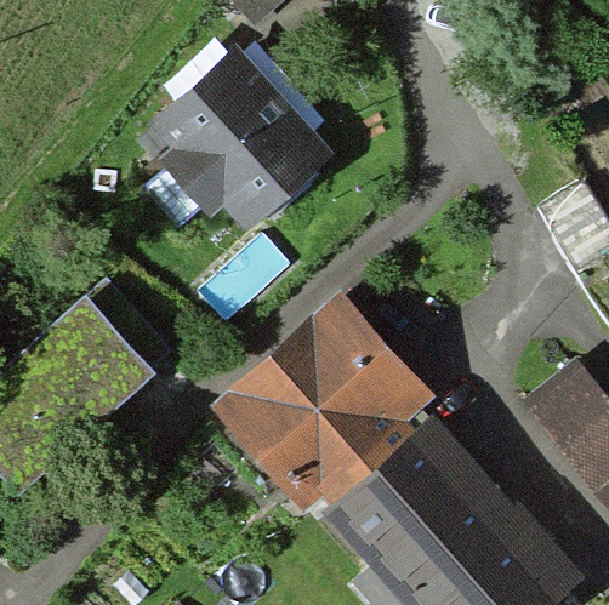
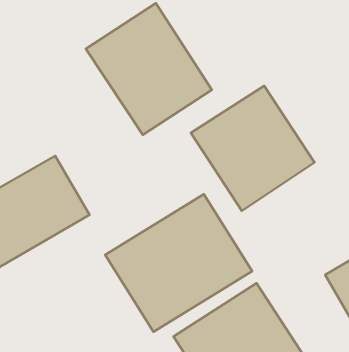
building: none -> [191,86,315,211]

